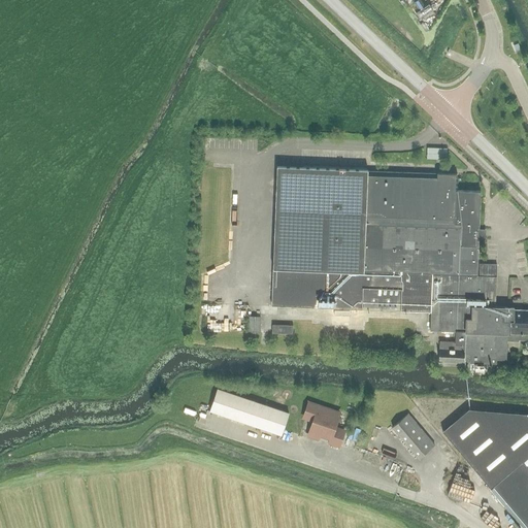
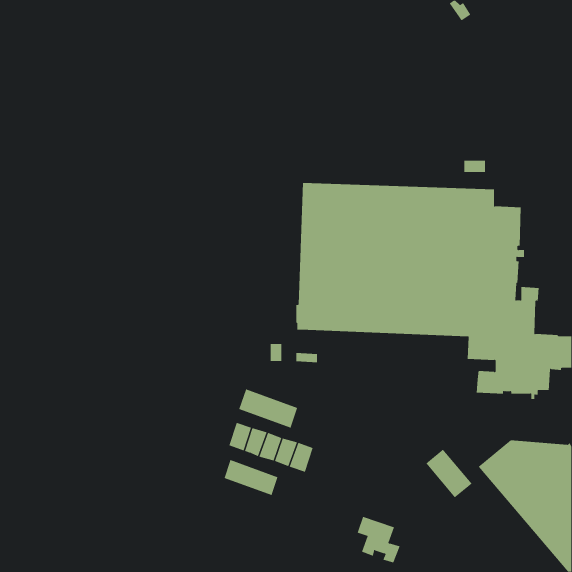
building: none -> [239,388,298,428]
building: [304,402,344,446] -> [357,516,400,563]
building: none -> [224,459,278,496]

